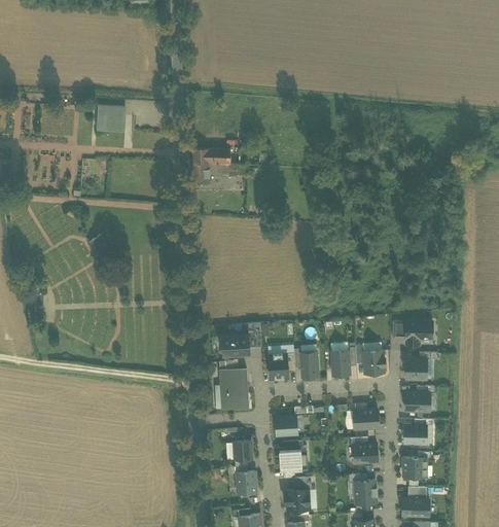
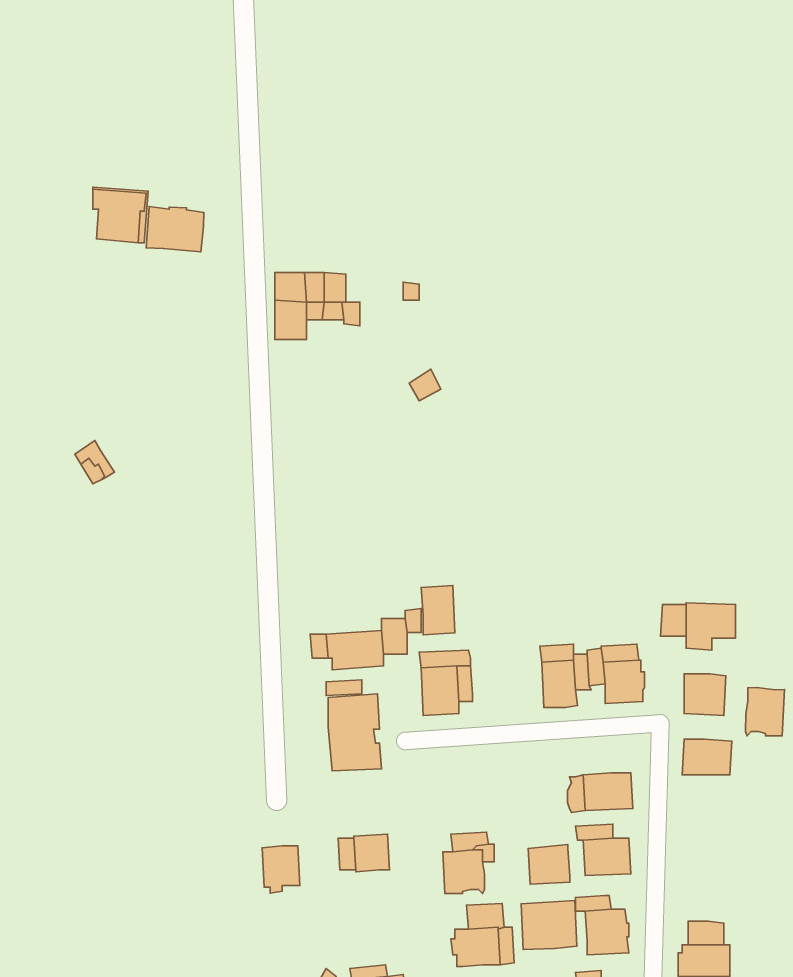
building: none -> [146,207,204,252]
building: [300,352,318,378] -> [421,586,455,635]
building: none -> [746,688,784,736]
building: [276,416,297,436] -> [528,845,570,884]
building: [403,425,426,445] -> none
building: [402,458,426,478] -> none
building: [237,472,256,497] -> [262,846,300,893]
building: none -> [521,900,577,950]

